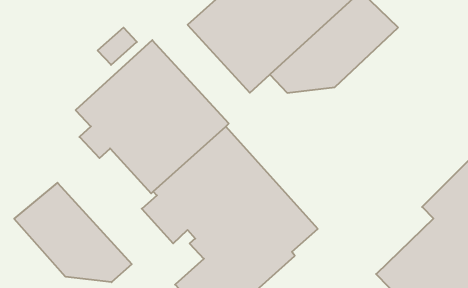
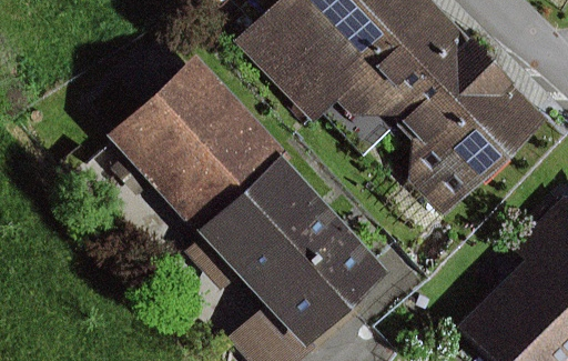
building: none -> [409,42,557,211]
building: [14,183,132,282] -> none

